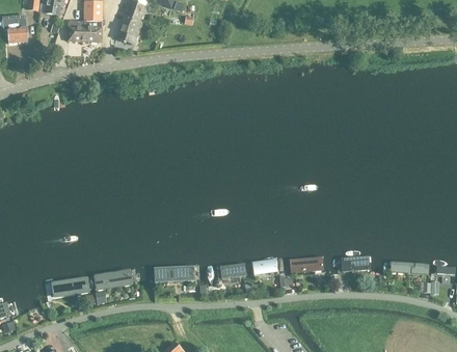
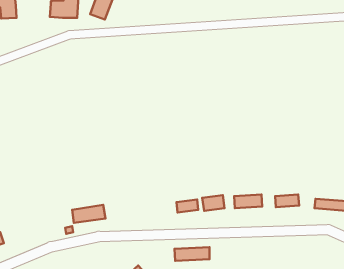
building: [154,265,196,281] -> [174,247,209,261]
building: [52,275,91,297] -> none

